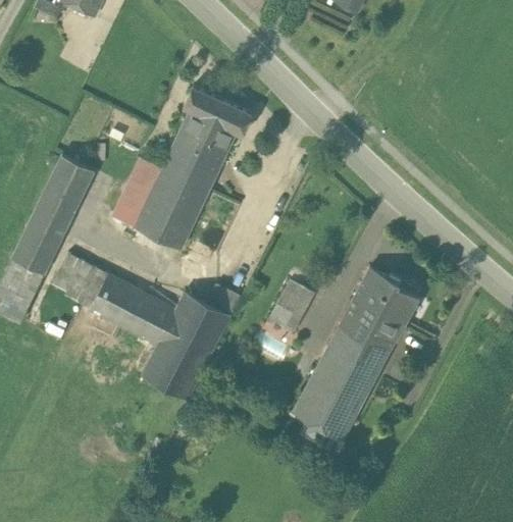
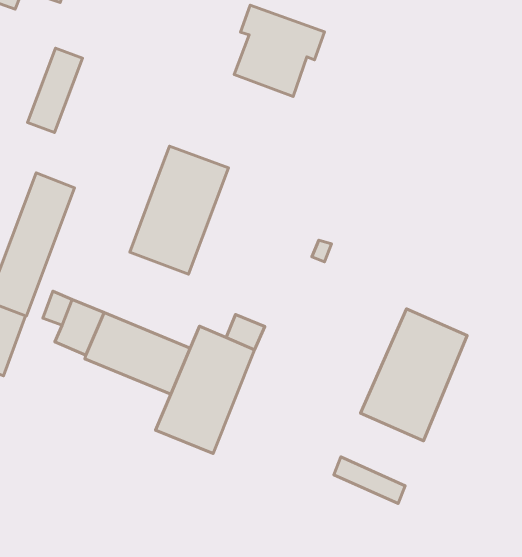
building: [174,86,252,164] -> [234,5,324,97]
building: [112,157,162,226] -> [28,48,82,132]
building: [358,267,418,320] -> none
building: [271,280,316,333] -> none
building: [293,376,362,439] -> none

